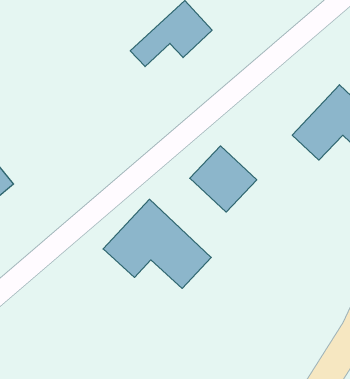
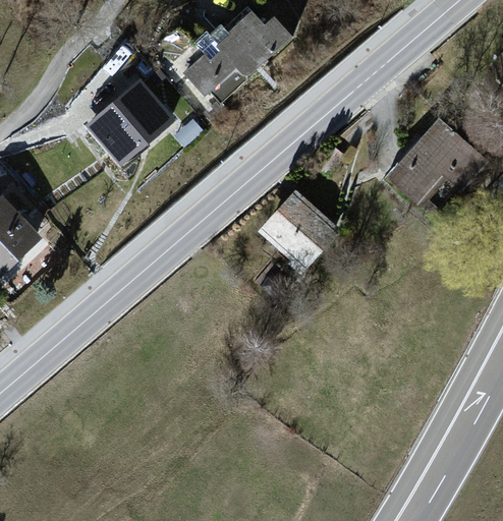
building: none -> [86,79,173,164]
building: [103,199,211,288] -> none

